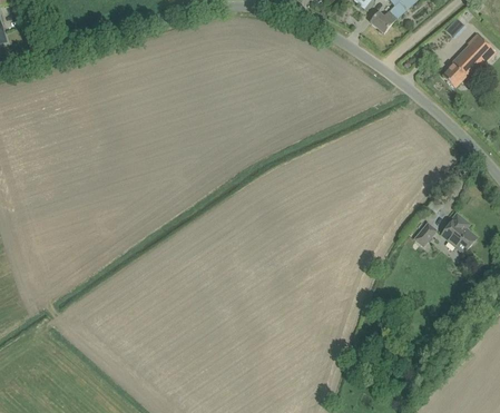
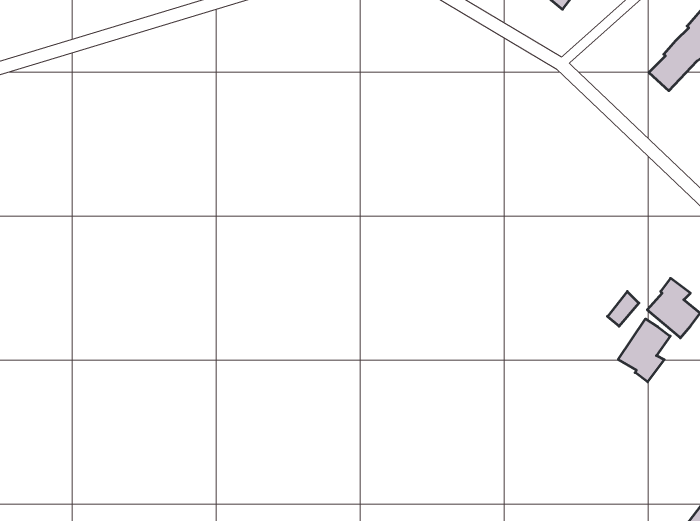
building: none -> [618,319,670,382]

